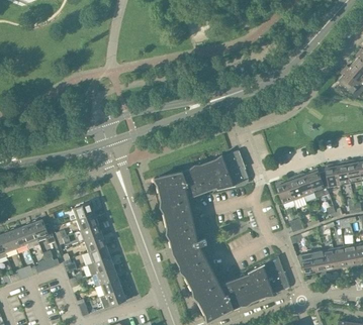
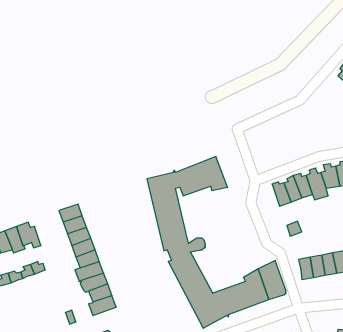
building: [221,150,247,186] -> none

